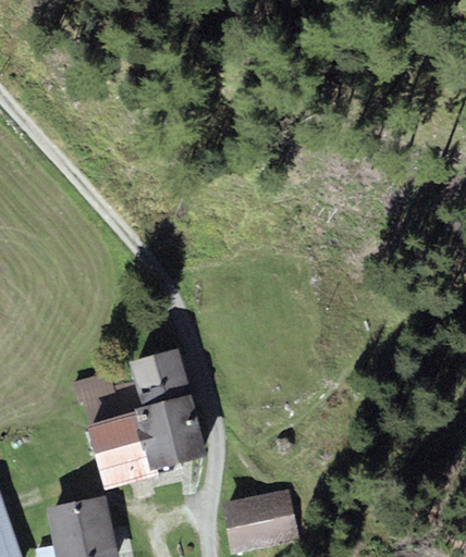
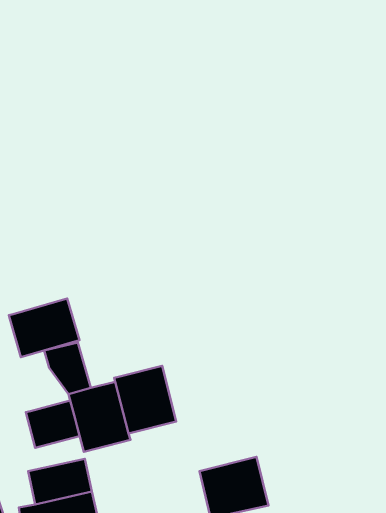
building: none -> [9,298,79,357]
building: [130,348,188,407] -> none
building: none -> [26,400,80,448]

